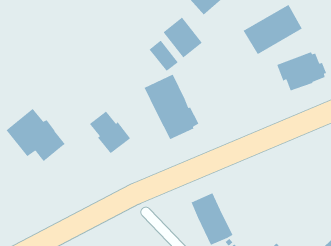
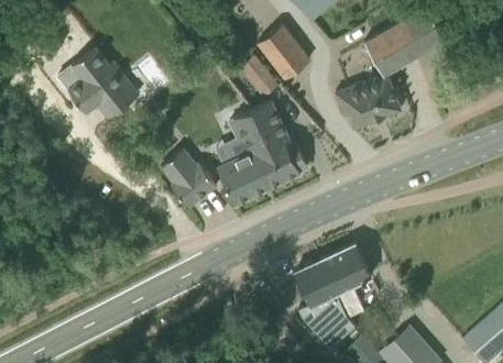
building: [276,51,327,92] -> [335,74,403,128]
building: [6,108,66,162] -> [57,46,138,119]
building: none -> [217,152,267,205]
building: none -> [325,243,371,315]

